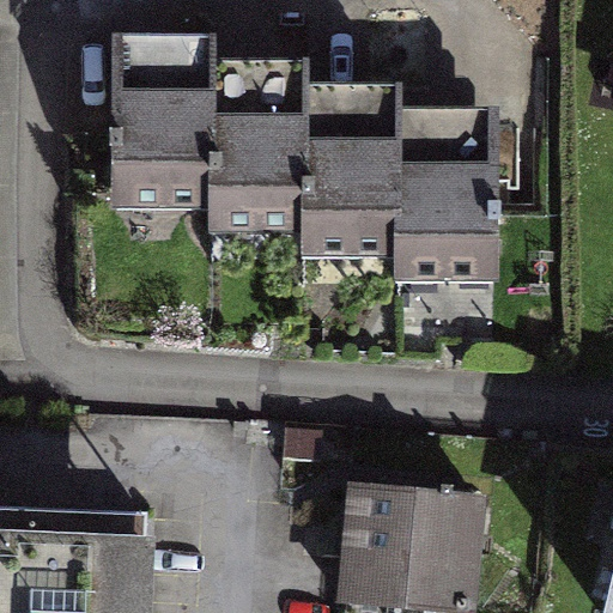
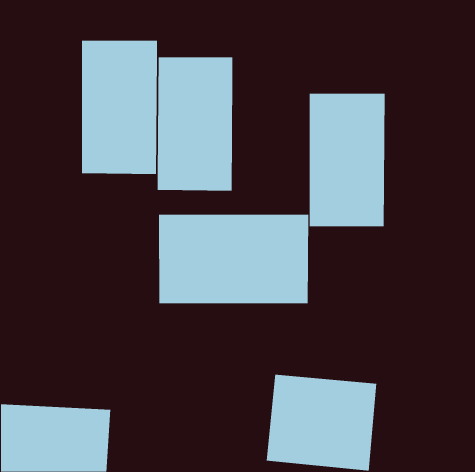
building: [301,98,399,271] -> none
building: none -> [159,214,309,304]

